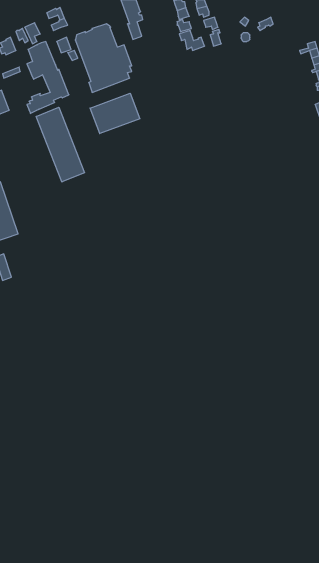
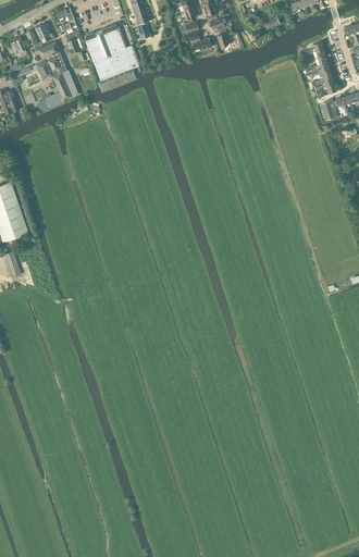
building: [90,93,140,134] -> none
building: [36,107,84,182] -> none

